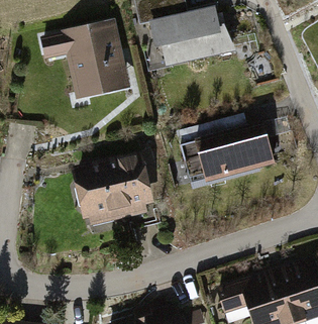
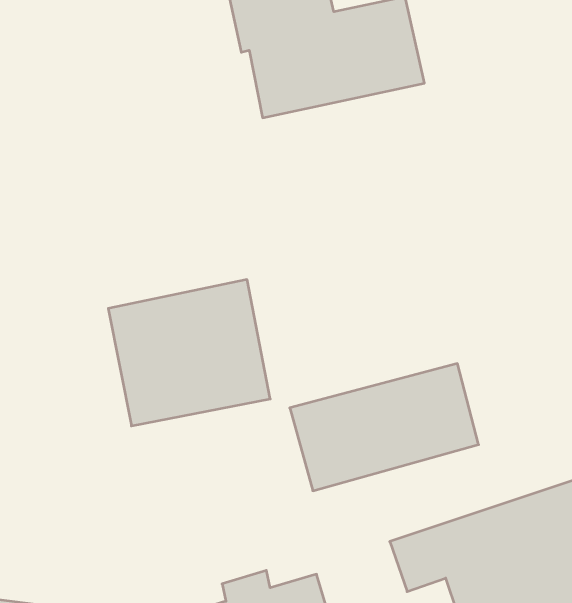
building: [39,18,130,101] -> none
building: [177,119,276,186] -> [290,364,479,491]

